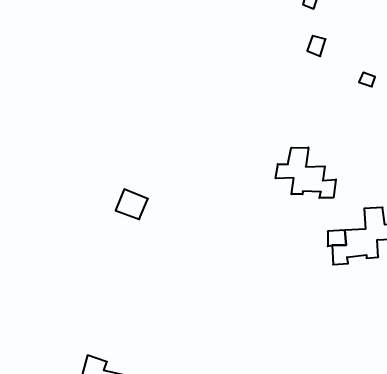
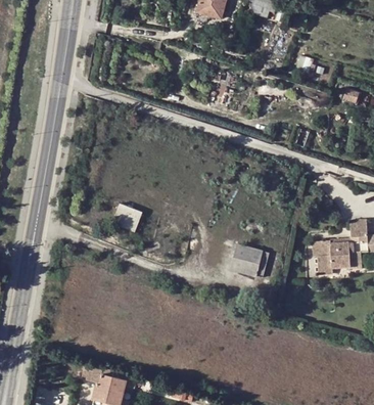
building: [276,147,336,198] -> none
building: none -> [223,241,265,277]

